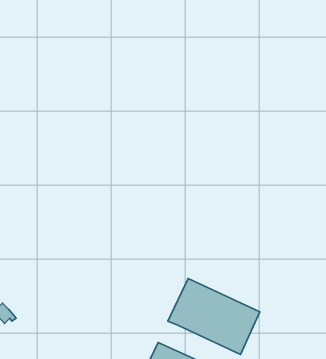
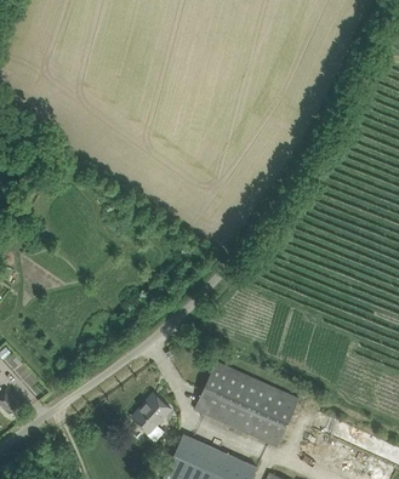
building: none -> [131,395,170,443]

